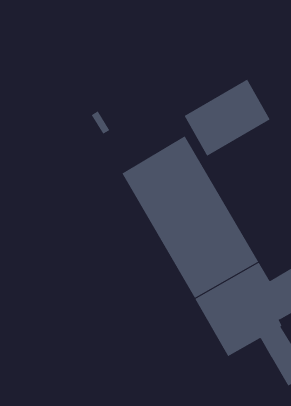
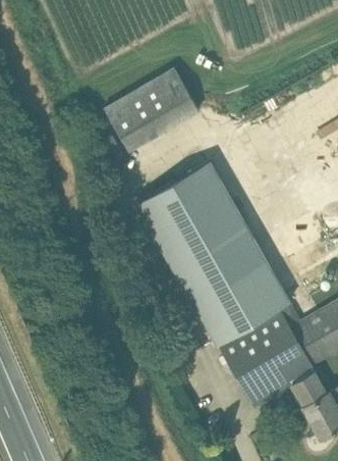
building: [184,79,271,156] -> [104,67,200,153]

